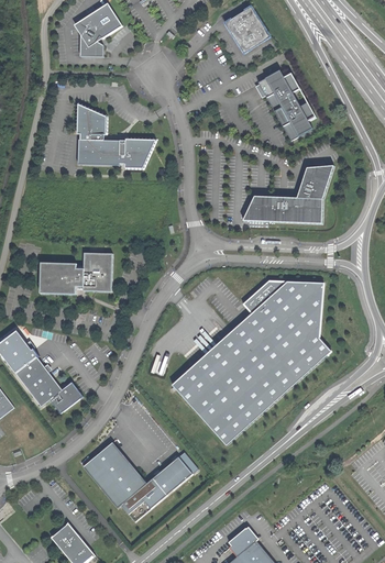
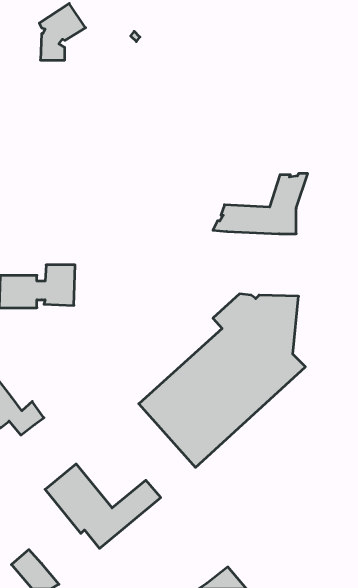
building: [224,7,268,54] -> none
building: [256,70,315,141] -> none
building: [76,106,154,169] -> none
building: [227,523,260,554] -> none

